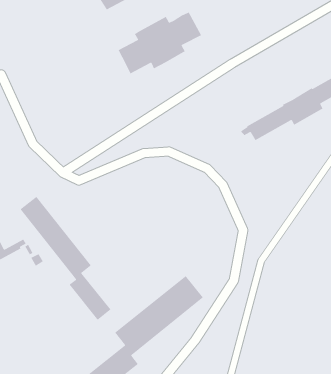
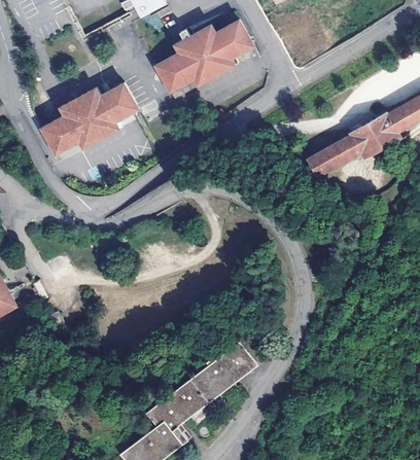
building: none -> [41,82,141,157]
building: [20,196,111,321] -> none

